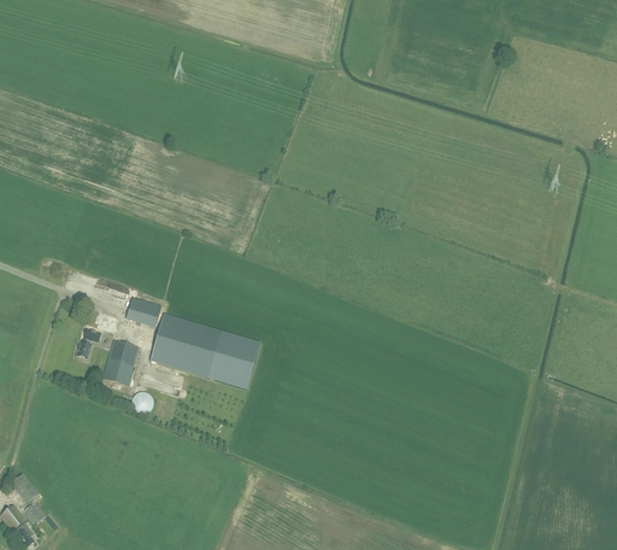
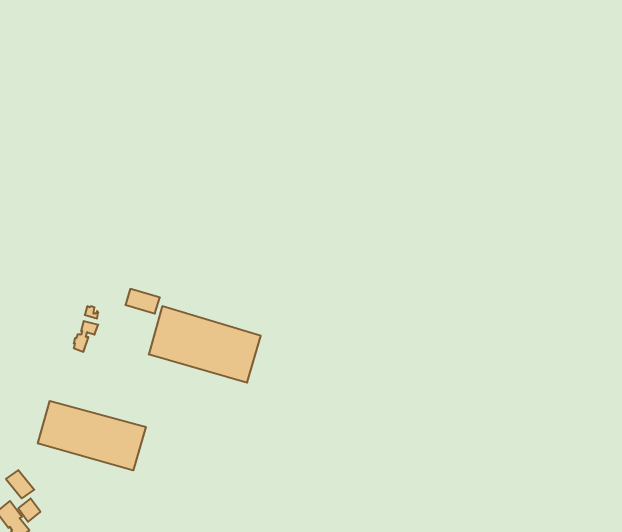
building: [101,339,139,385] -> none
building: none -> [38,401,146,470]

